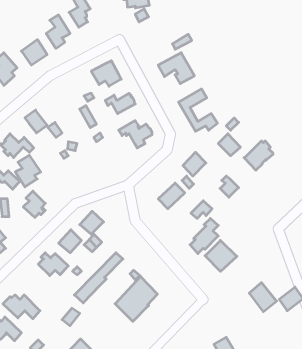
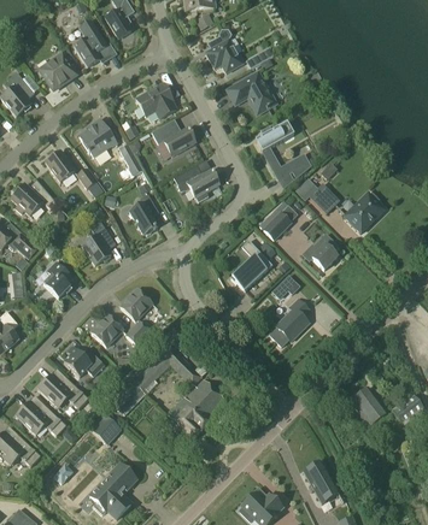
building: none -> [205,29,244,72]
building: none -> [78,118,116,157]
building: none -> [129,194,158,235]
building: [15,155,41,187] -> [81,222,116,265]
building: [205,240,237,271] -> none
building: none -> [37,377,88,408]

